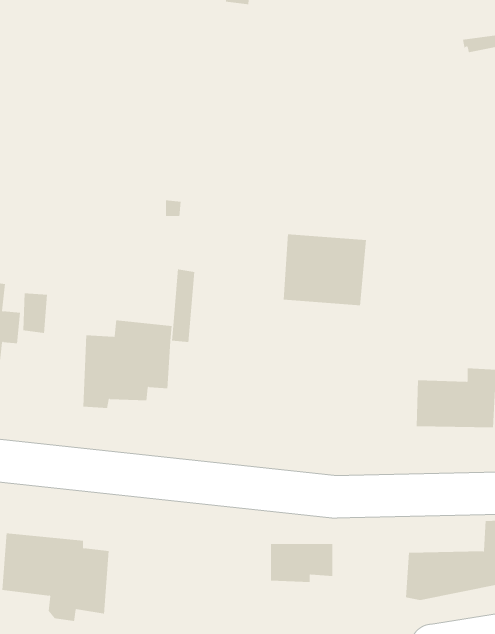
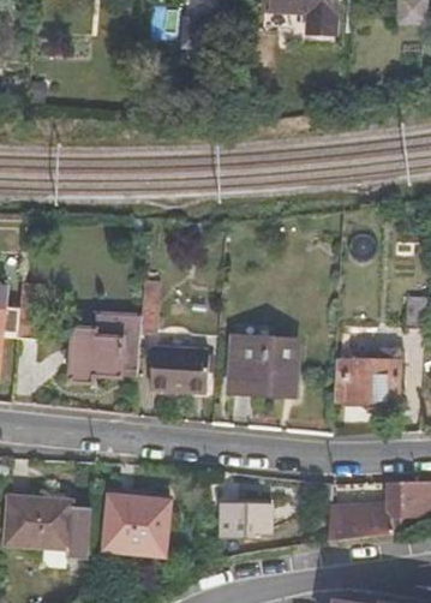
building: [283,234,367,306] -> [231,338,298,395]
building: none -> [151,352,206,394]
building: none -> [101,495,164,553]

